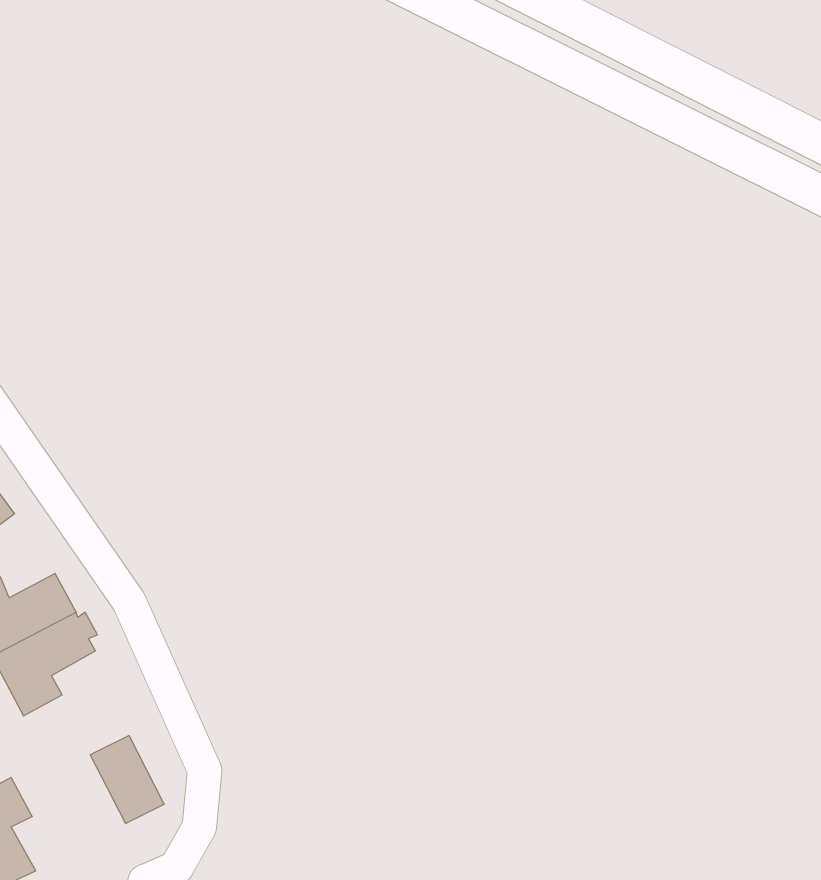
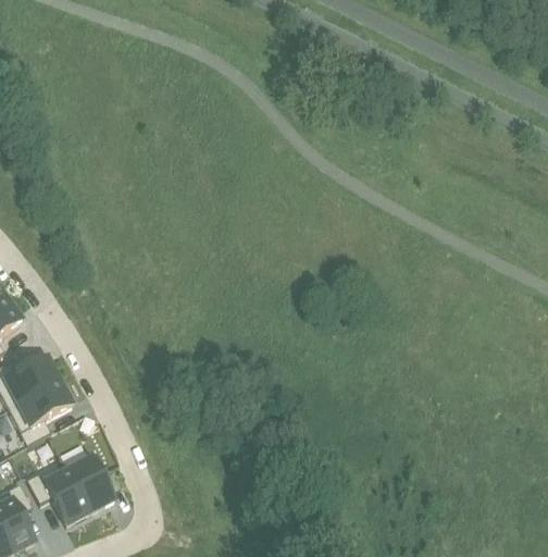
building: none -> [26,462,89,522]

